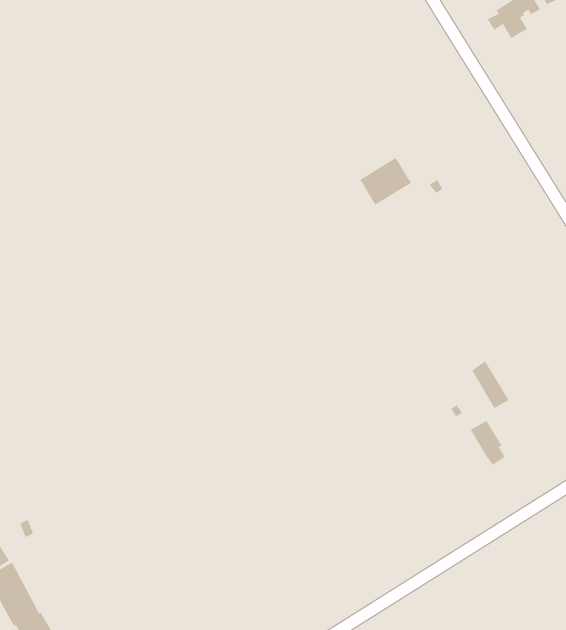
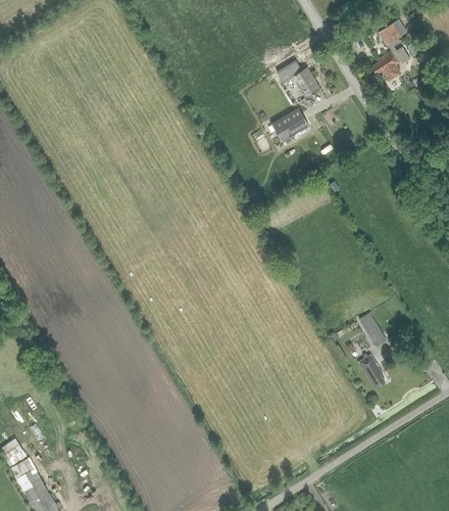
building: none -> [276,67,319,98]
building: [359,157,412,205] -> [270,107,308,142]

